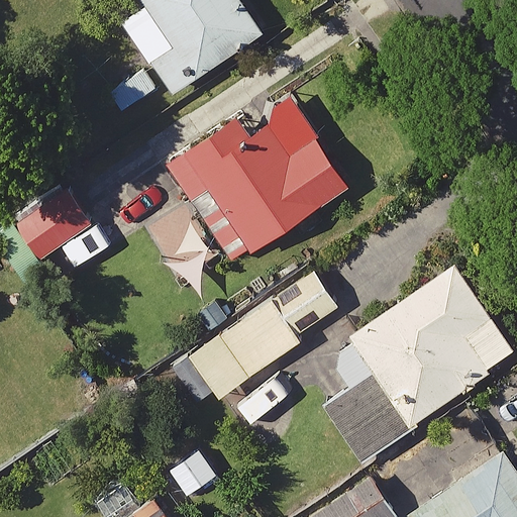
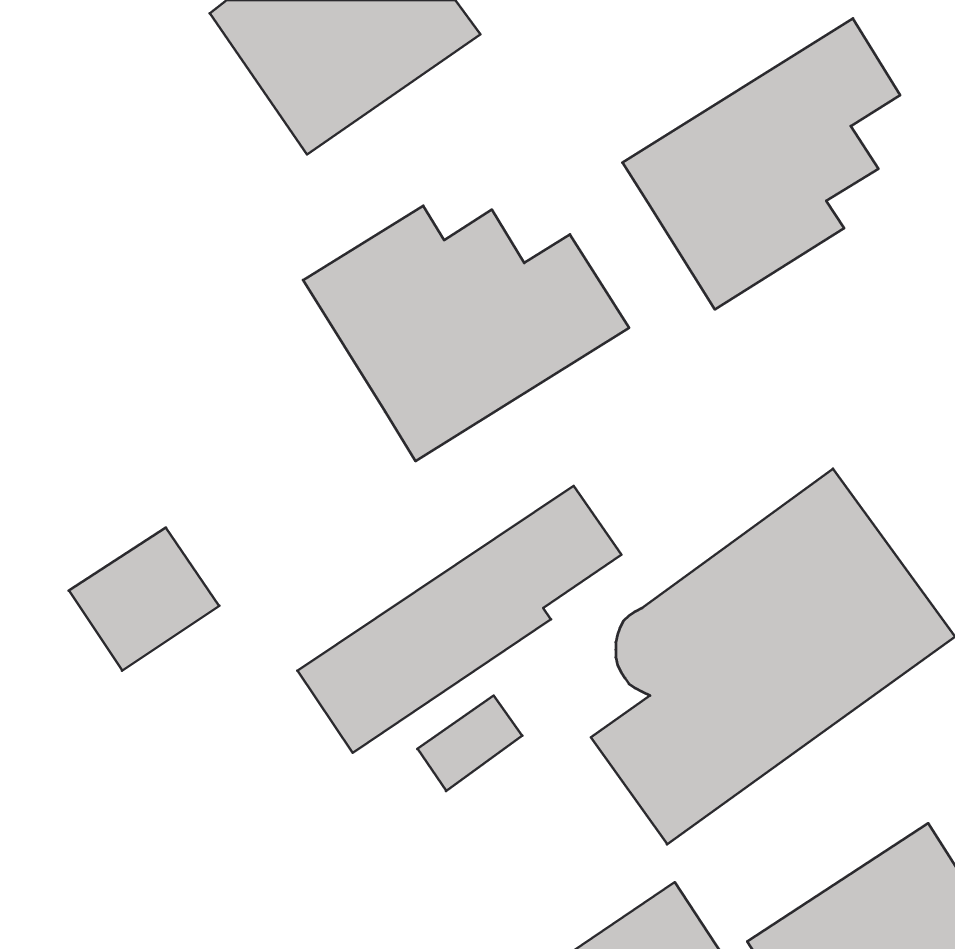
building: none -> [622,18,900,309]
building: [14,185,94,261] -> [69,528,219,671]

